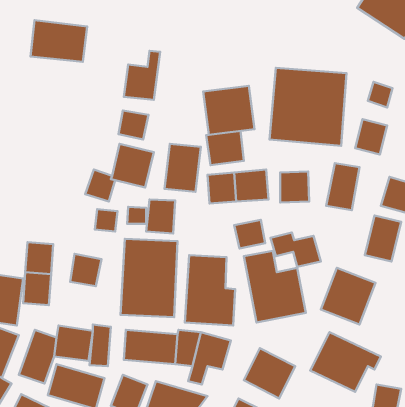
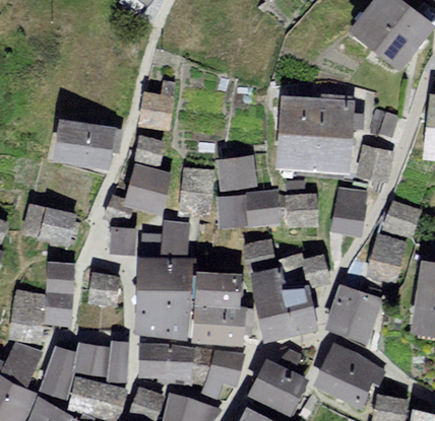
building: [30,20,87,62] -> [59,123,113,162]
building: [203,86,254,135] -> none
building: none -> [32,211,74,242]

